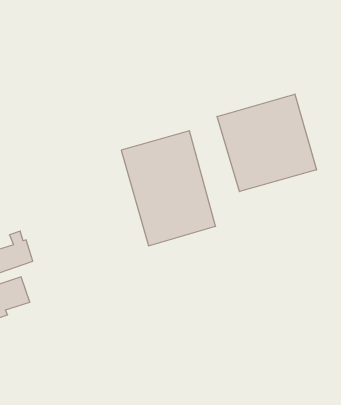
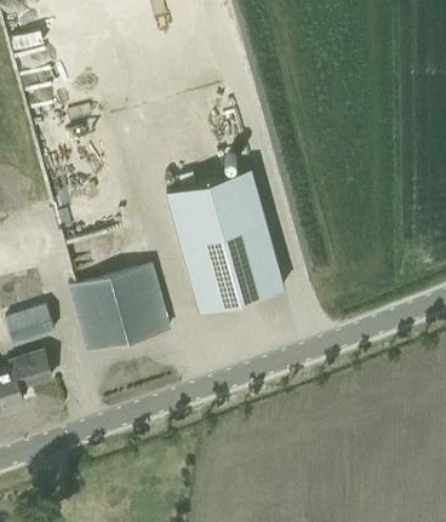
building: [217,94,317,192] -> none
building: none -> [68,266,168,352]

